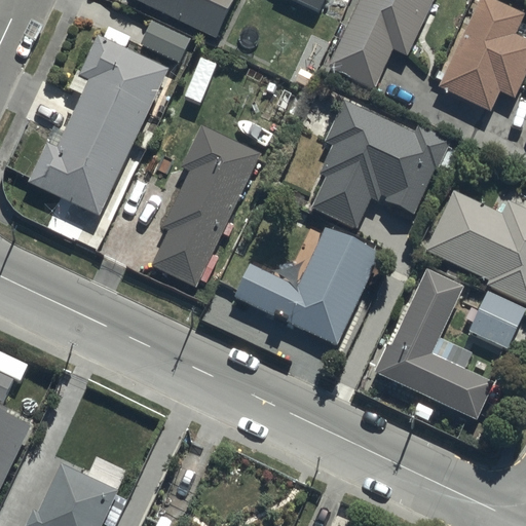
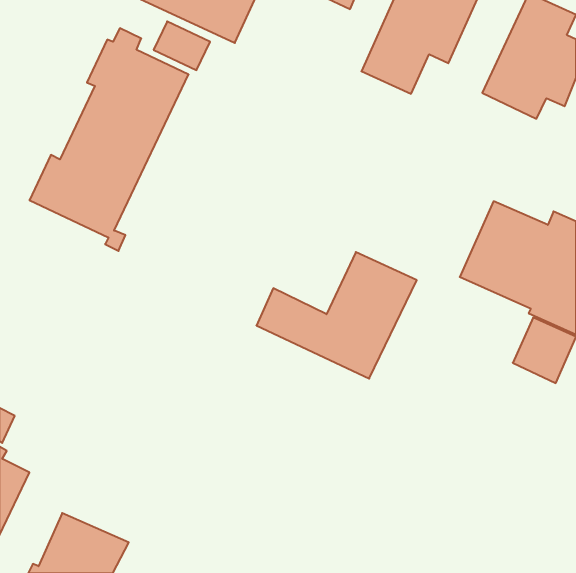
building: [311,101,454,229] -> none
building: [150,122,262,288] -> none
building: [373,269,494,419] -> none

